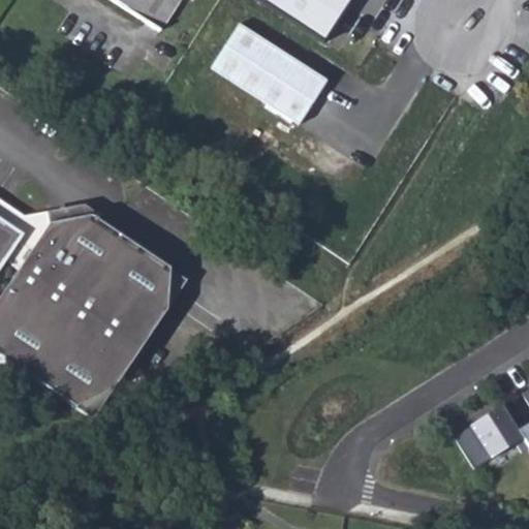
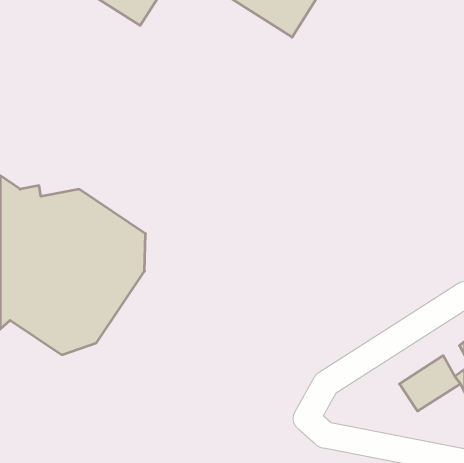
building: [212,22,328,124] -> none

